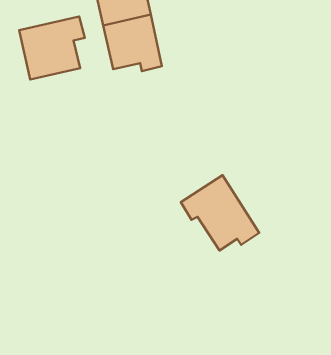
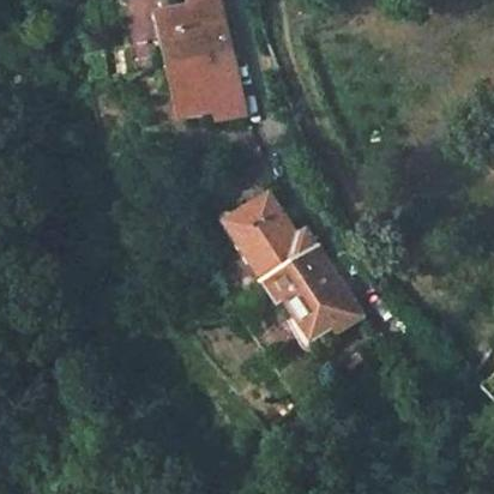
building: [19,17,85,80] -> none
building: none -> [227,194,315,278]

